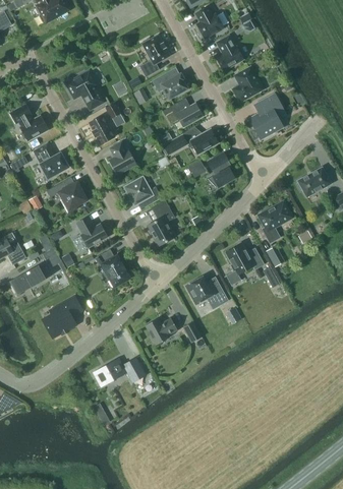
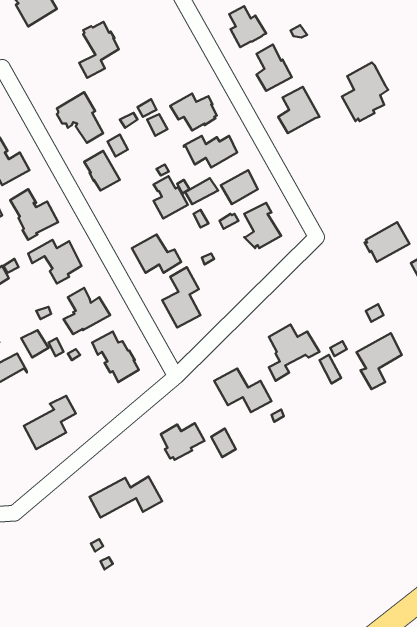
building: [139,35,169,76] -> [79,22,119,78]
building: [250,94,285,137] -> [342,62,388,121]
building: [110,141,135,173] -> [154,176,188,219]
building: [259,200,292,242] -> [357,333,402,389]

